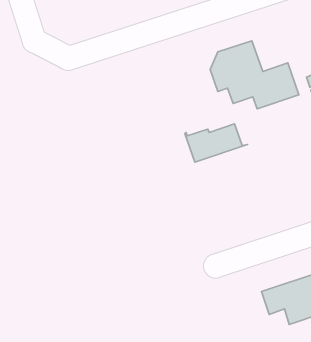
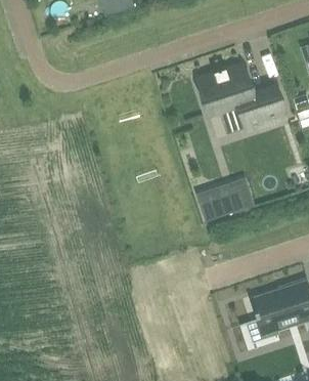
building: [185,124,248,162] -> [195,183,254,219]

